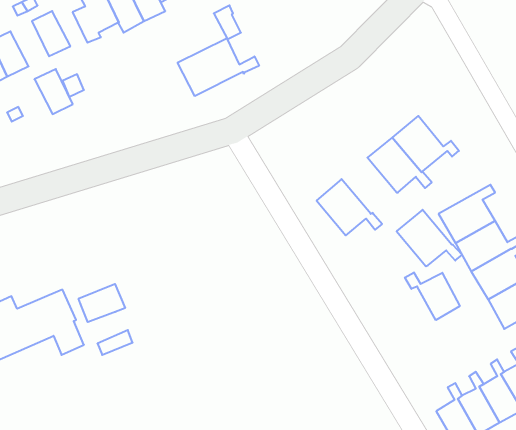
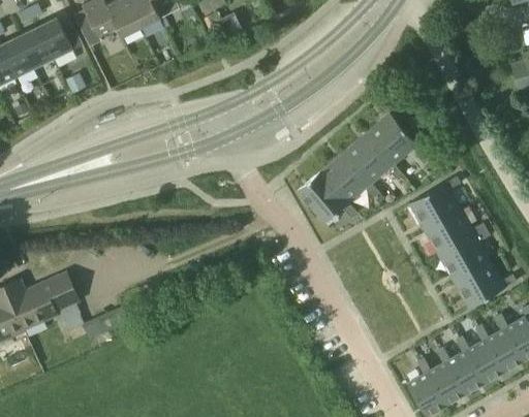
building: [178,38,259,96] -> none
building: [34,69,73,114] -> [18,27,53,68]
building: [397,210,462,266] -> [320,152,380,203]
building: [405,272,460,320] -> none
building: [79,284,125,322] -> none

